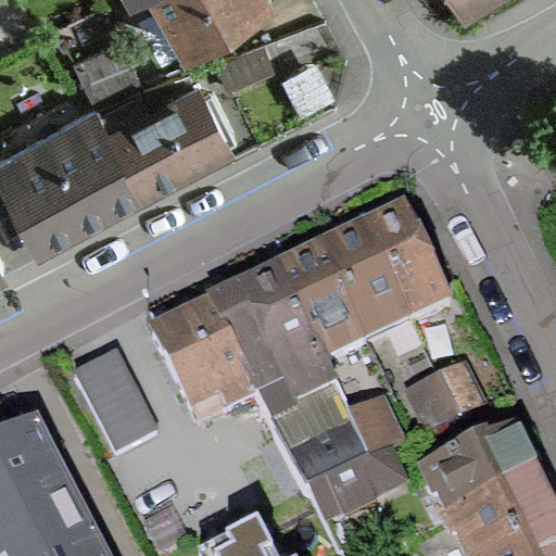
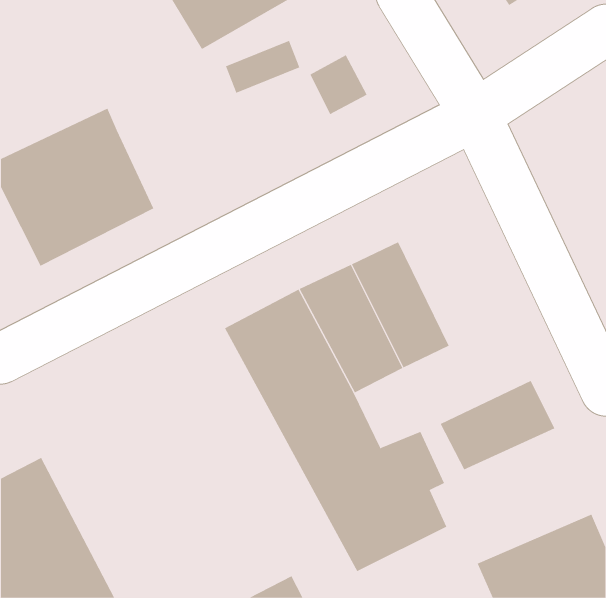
building: [108,73,236,191] -> none
building: [365,201,454,317] -> none
building: [146,301,248,412] -> none
building: [75,350,159,451] -> none
building: [417,421,542,517] -> none

